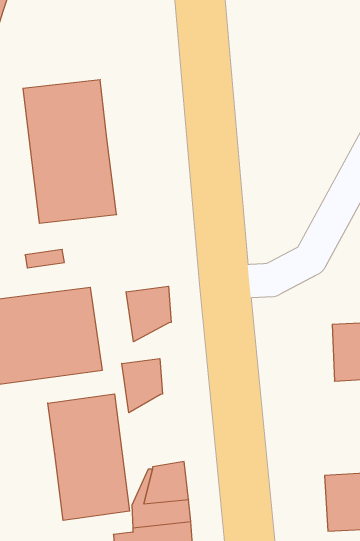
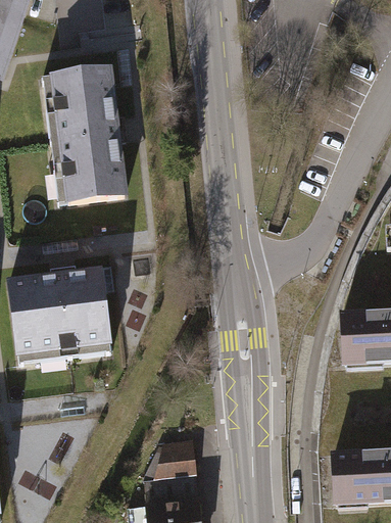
building: [126,286,171,342] -> none
building: [122,359,163,413] -> none
building: [48,394,130,520] -> none

